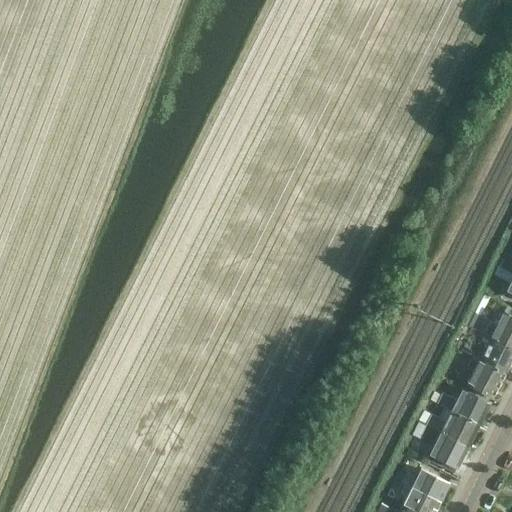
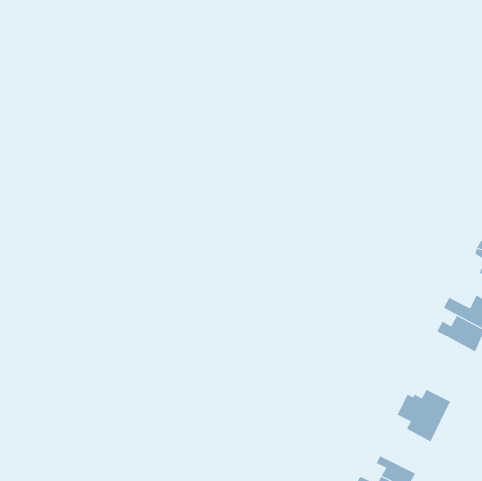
building: [468,359,504,399] -> none
building: [438,392,490,427] -> none
building: [403,471,450,503] -> none

